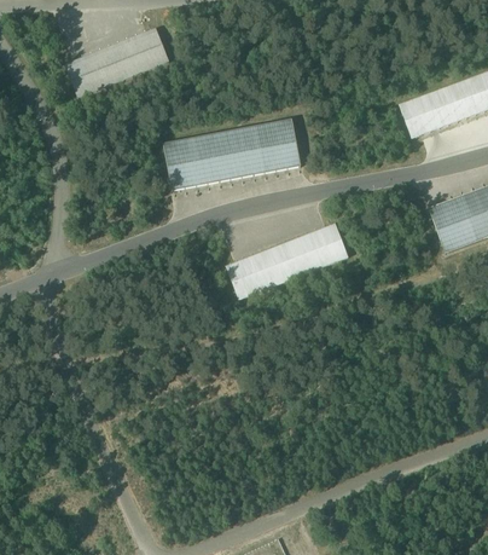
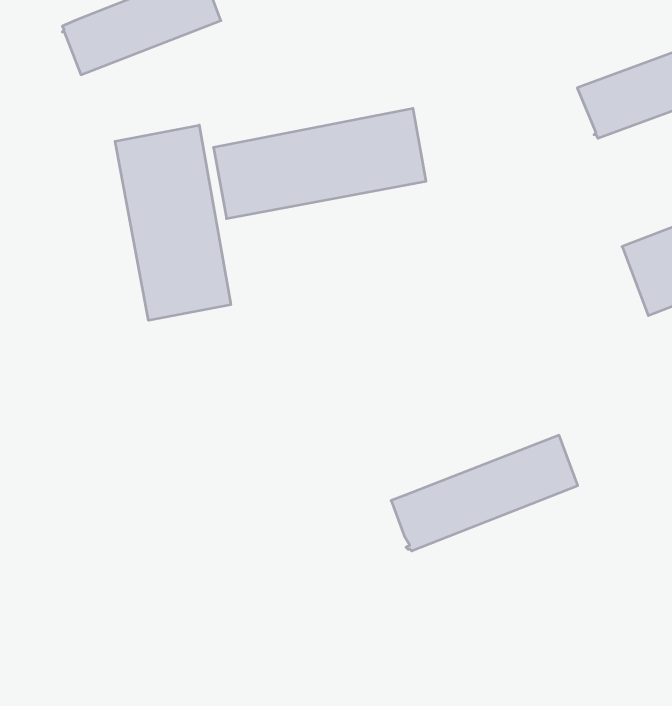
building: none -> [115,125,231,320]
building: [226,224,347,299] -> [391,435,578,551]

